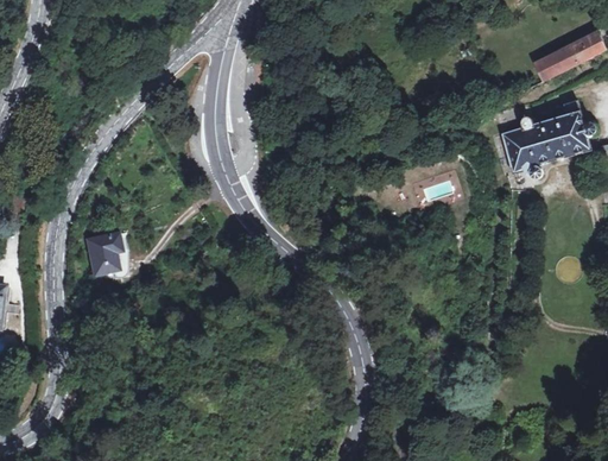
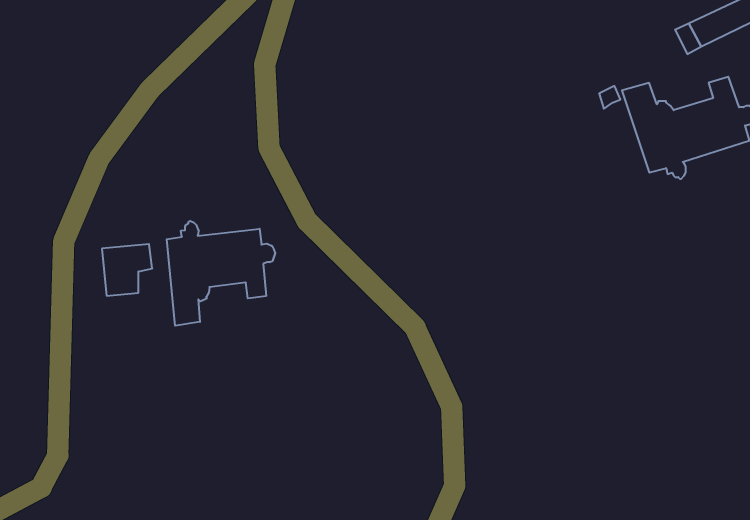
building: none -> [167,221,275,326]

